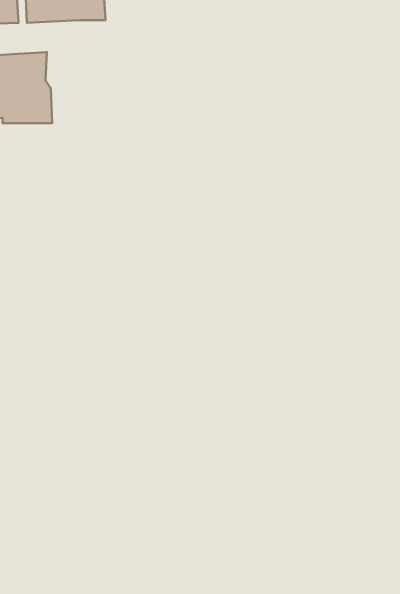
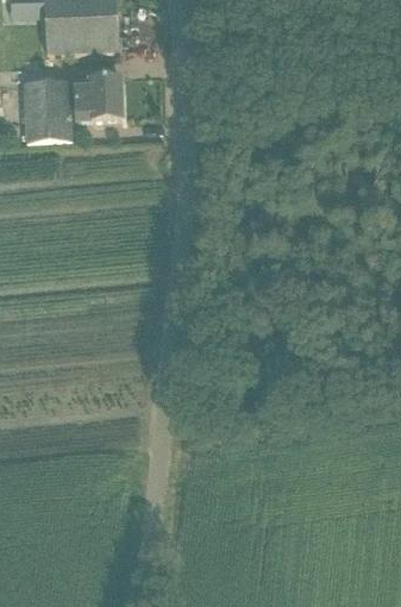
building: none -> [90,73,138,115]

